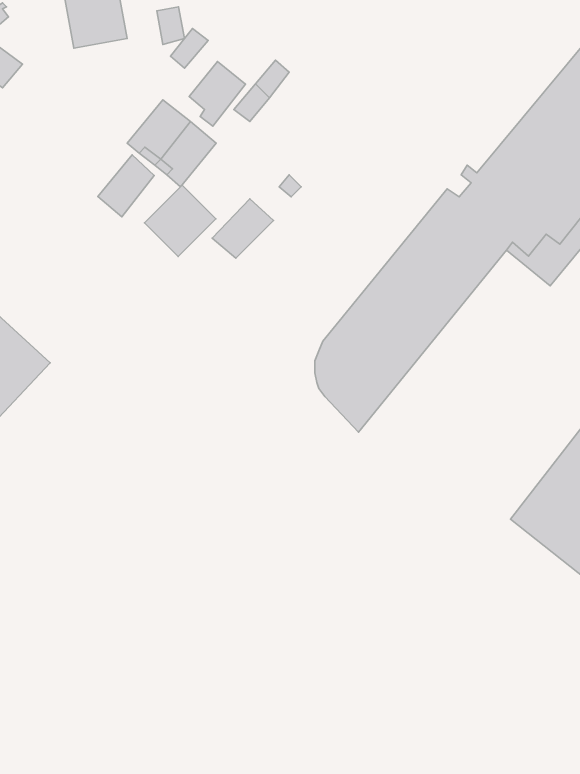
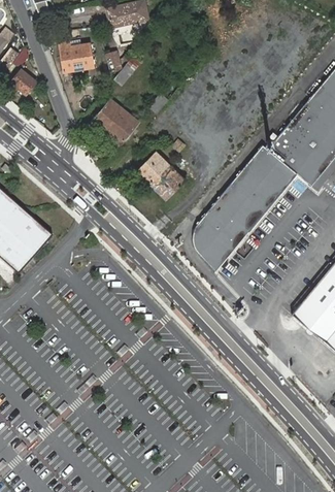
building: [189,61,246,126] -> none
building: [98,155,154,217] -> none
building: [145,185,216,256] -> [149,162,187,199]

